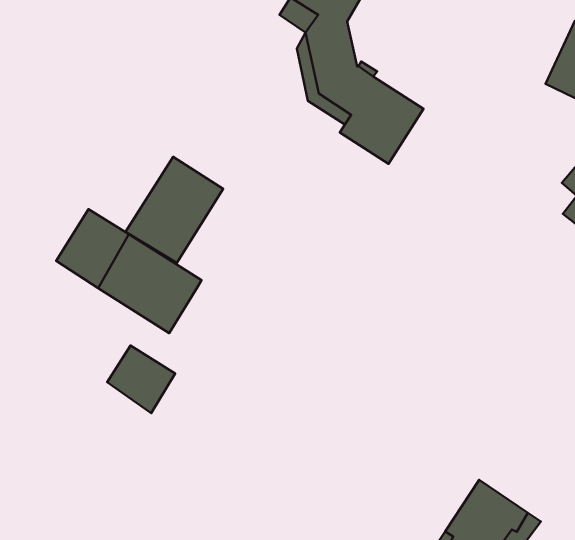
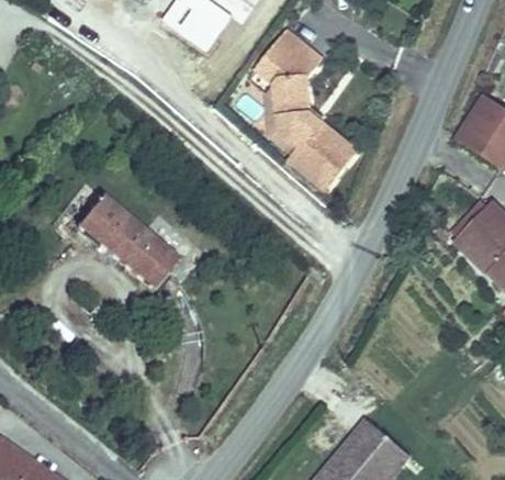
building: [125,157,223,263] -> none
building: [107,345,175,413] -> none

